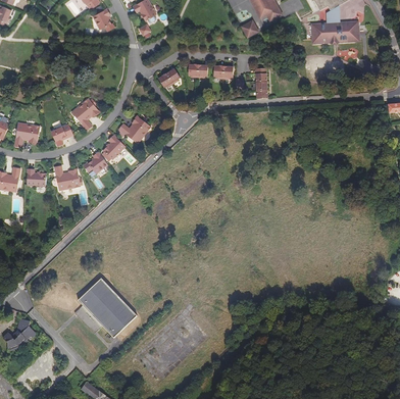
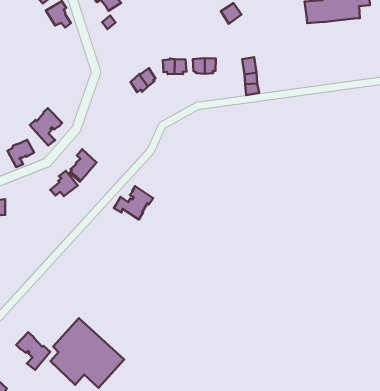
building: [117,115,151,144] -> [114,186,153,220]
building: [54,166,81,191] -> none
building: none -> [16,332,50,370]

